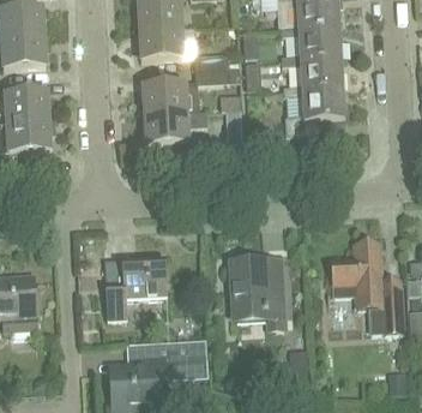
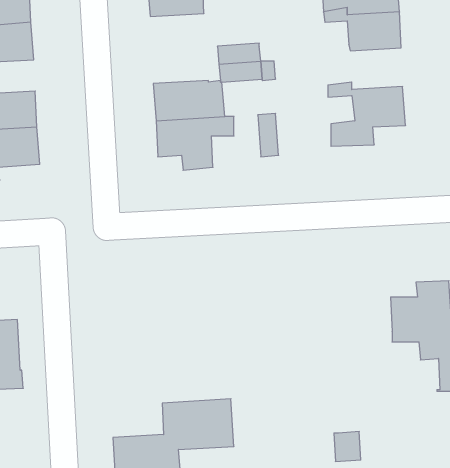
building: [139,25,194,58] -> none
building: [281,52,342,88] -> none
building: [103,253,165,317] -> none
building: [230,257,283,327] -> none

